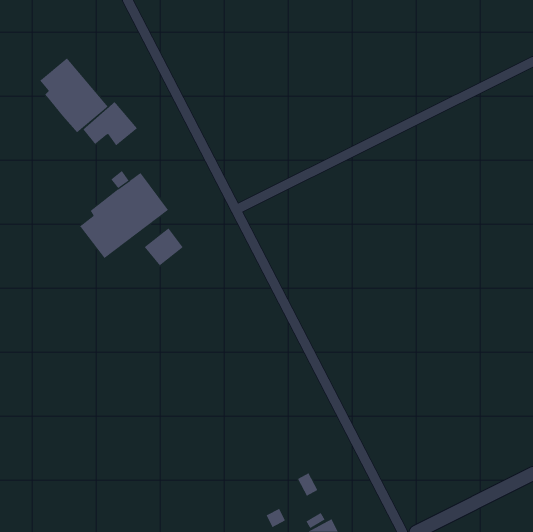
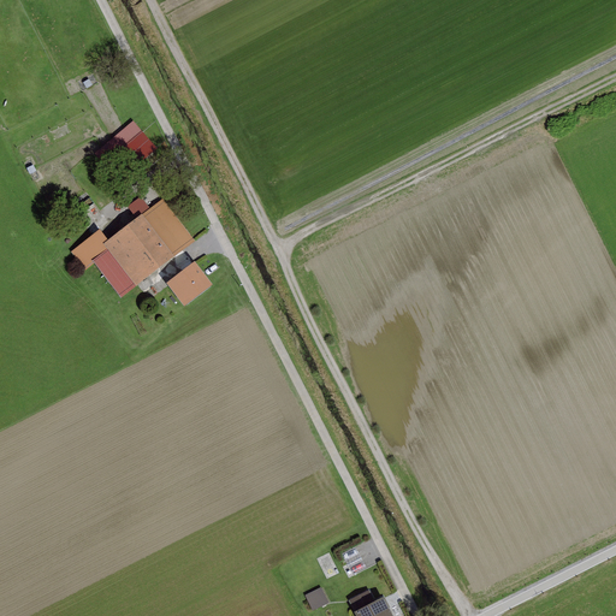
building: [39,58,108,133] -> none
building: none -> [71,230,107,270]

